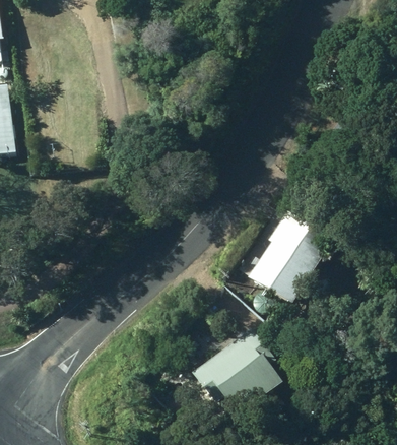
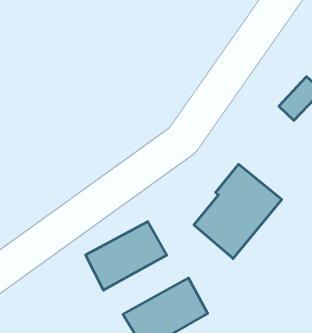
building: none -> [86,222,167,290]

